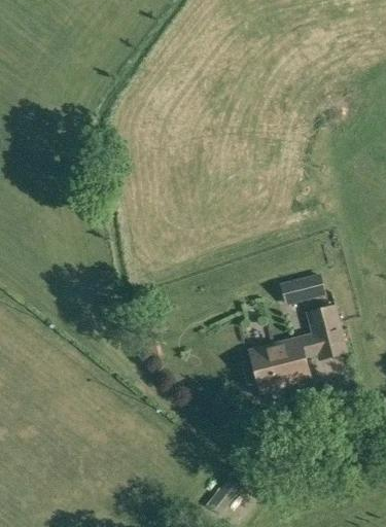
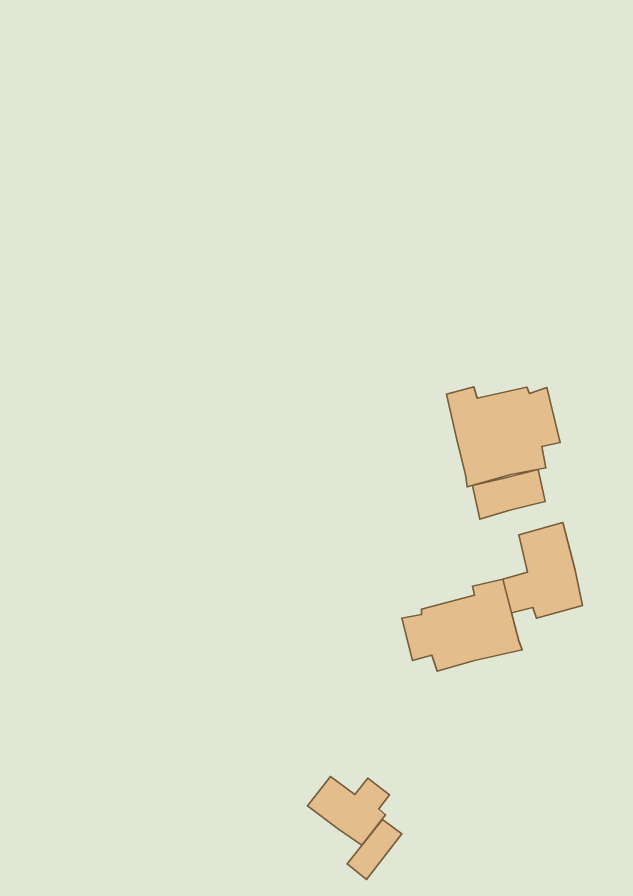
building: none -> [446,387,560,487]
building: none -> [307,777,390,845]

